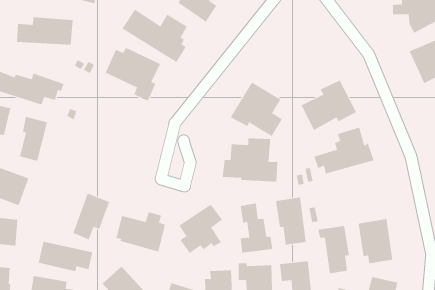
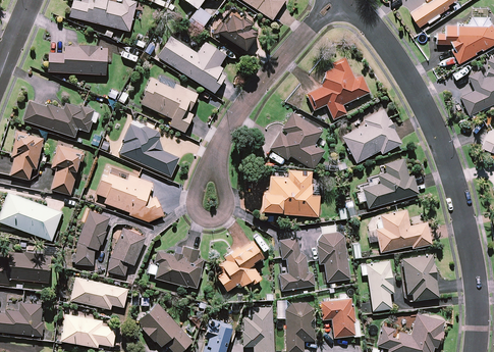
building: none -> [306,58,369,119]
building: none -> [118,124,178,177]
building: none -> [96,171,163,221]
building: none -> [72,210,109,266]
building: none -> [368,210,431,252]

